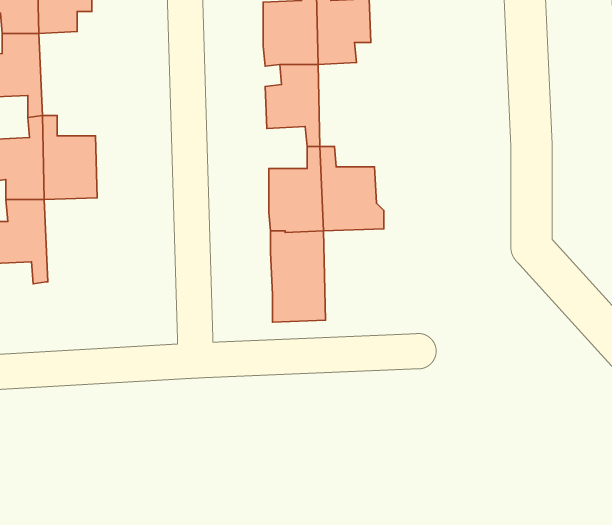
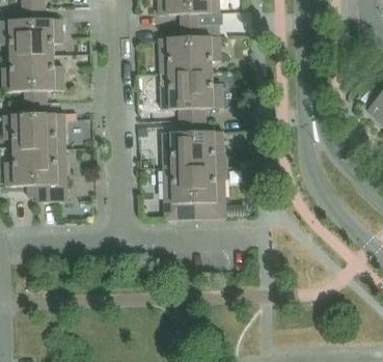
building: none -> [33,54,65,102]
building: none -> [192,72,223,119]
building: none -> [36,148,69,202]
building: none -> [195,166,230,218]

